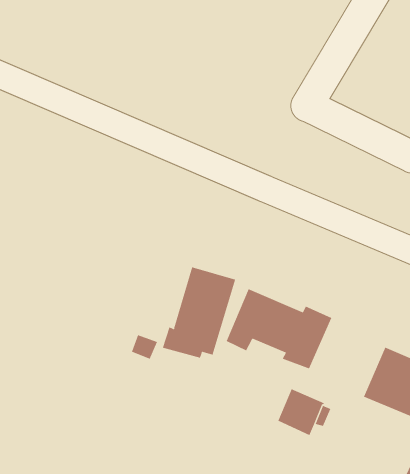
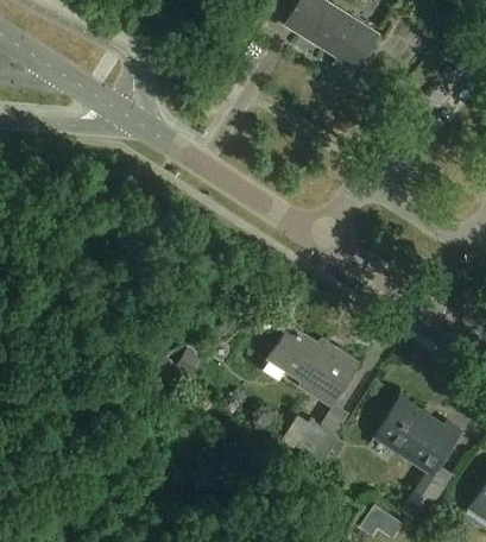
building: [162,266,236,359] -> none

